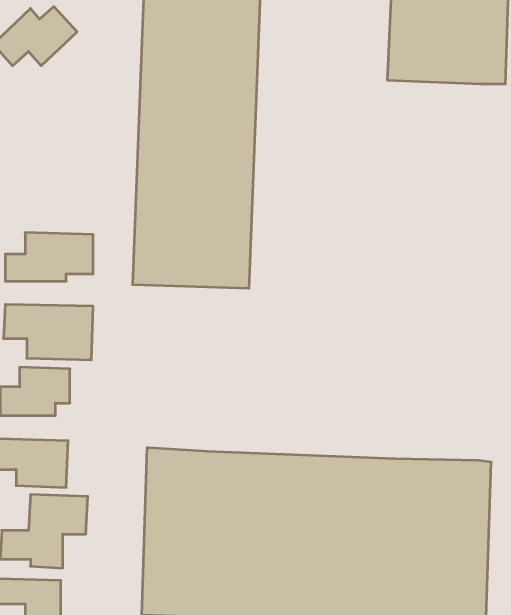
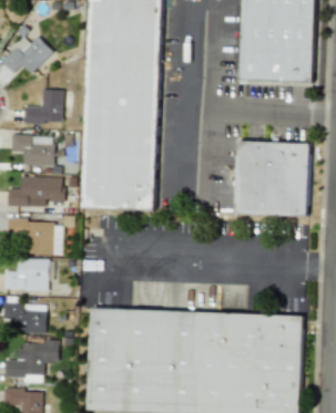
building: none -> [22,90,61,123]
building: none -> [9,135,52,166]
building: none -> [238,143,314,217]

